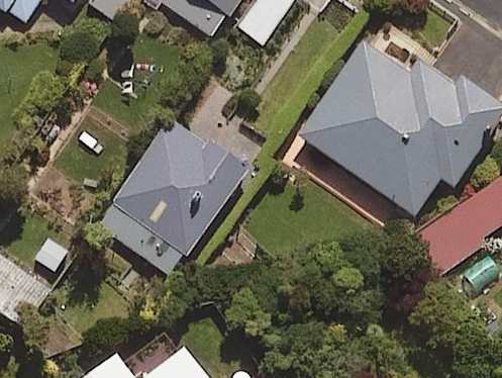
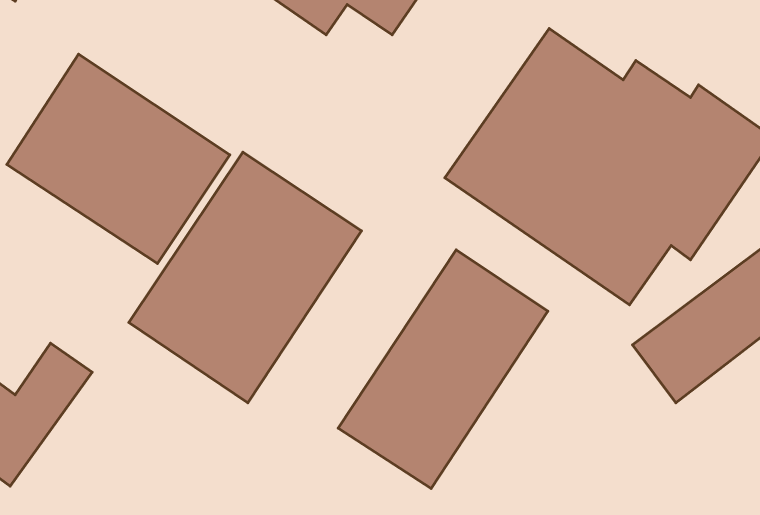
building: none -> [7,54,230,264]
building: none -> [338,250,548,488]

